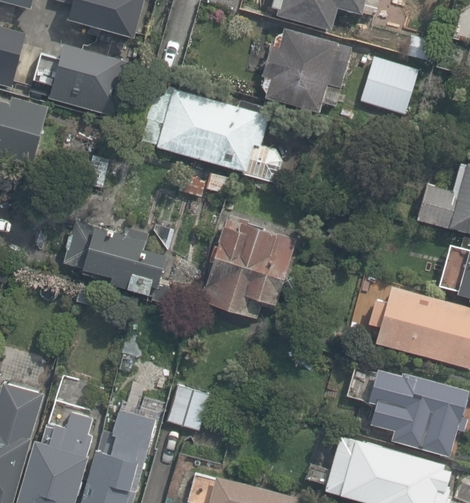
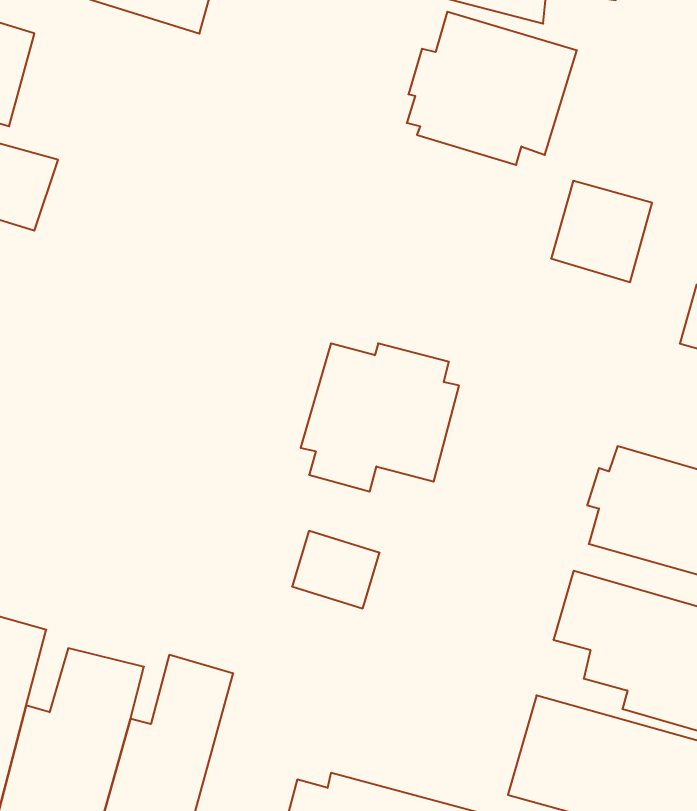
building: [44,41,116,114] -> none
building: [361,56,421,116] -> [551,181,652,282]
building: [140,85,265,172] -> none
building: [63,221,181,296] -> none
building: [163,387,215,433] -> [292,531,380,608]

